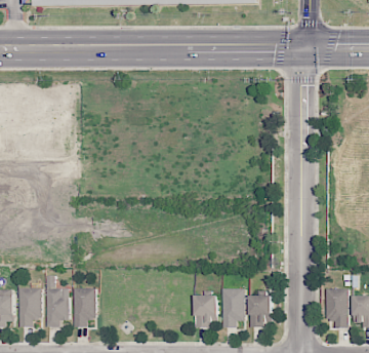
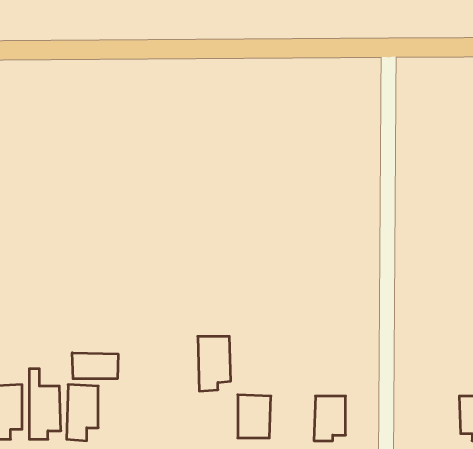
building: none -> [72,353,118,379]
building: [221,287,245,326] -> [198,336,231,391]
building: [325,287,347,326] -> none

